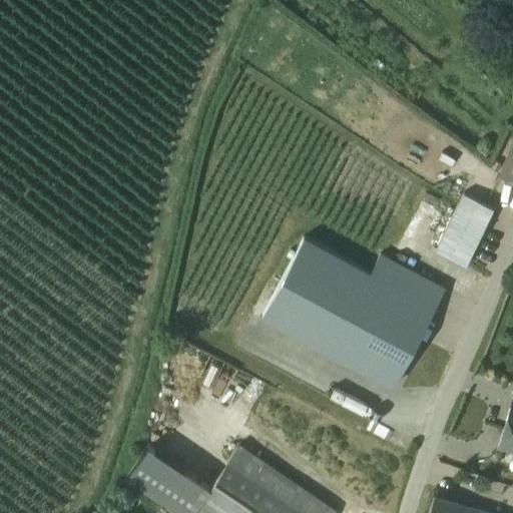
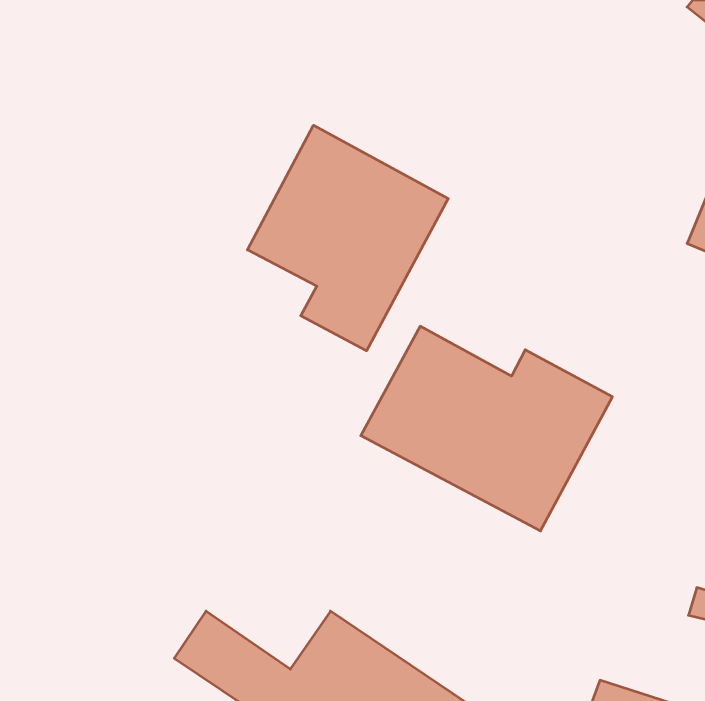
building: none -> [247,125,448,351]
building: [437,198,494,270] -> none

